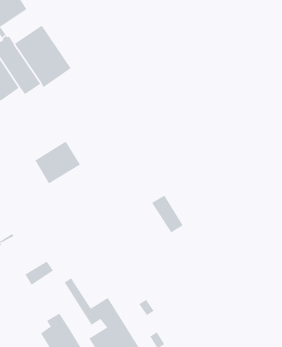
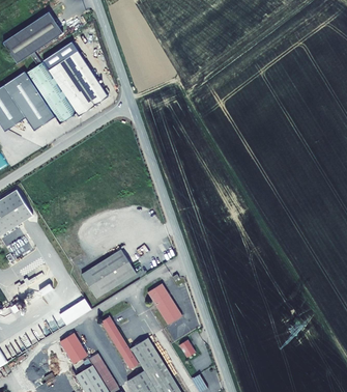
building: [35,141,81,184] -> [86,249,135,295]
building: [151,195,184,233] -> [147,283,181,324]
building: none -> [59,332,87,363]

